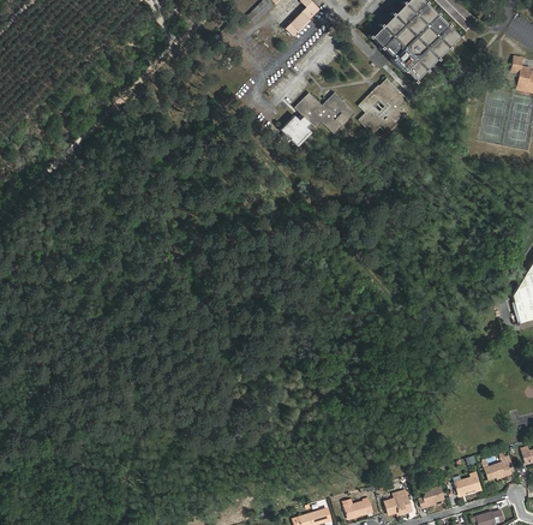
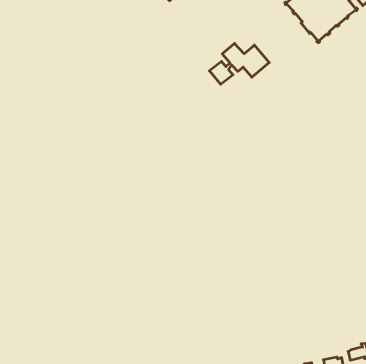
building: [359,79,407,133] -> none

